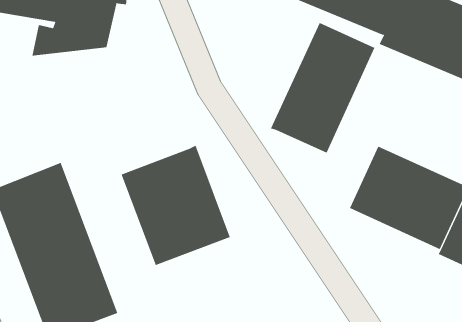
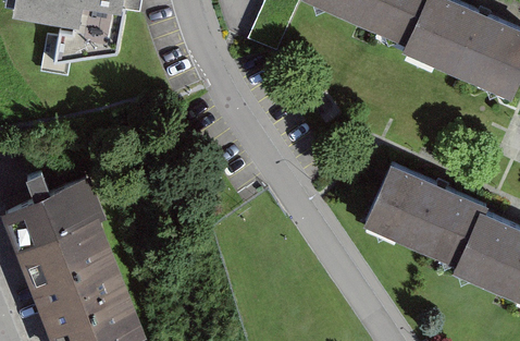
building: [270,22,375,154] -> none
building: [121,145,230,266] -> none

